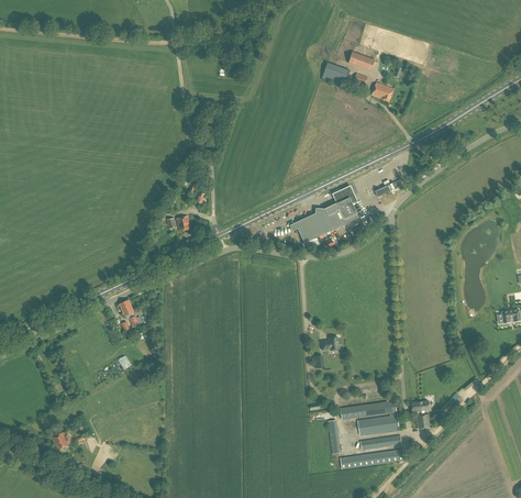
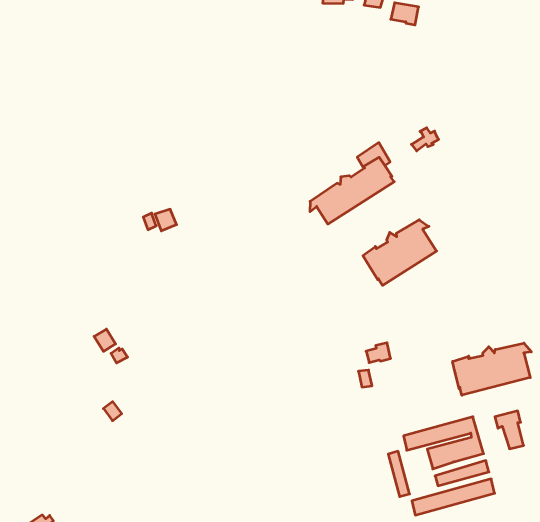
building: none -> [363,220,437,285]
building: none -> [453,343,531,395]

